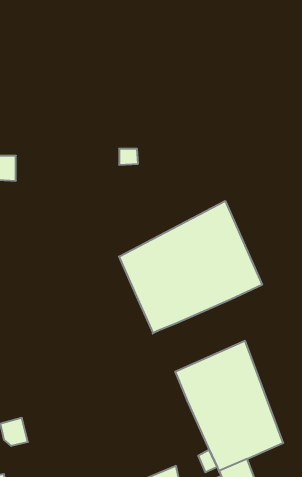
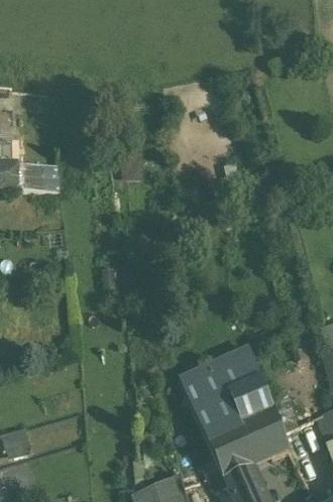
building: none -> [20,160,62,186]
building: [119,201,262,334] -> none

